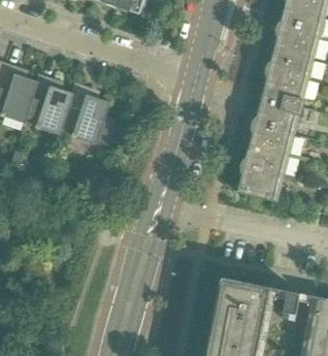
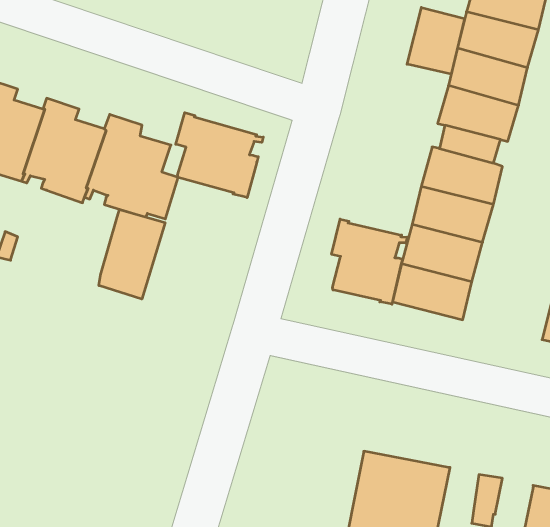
building: none -> [407,7,464,74]
building: none -> [176,113,263,198]
building: none -> [99,210,165,299]
building: none -> [332,219,407,304]

